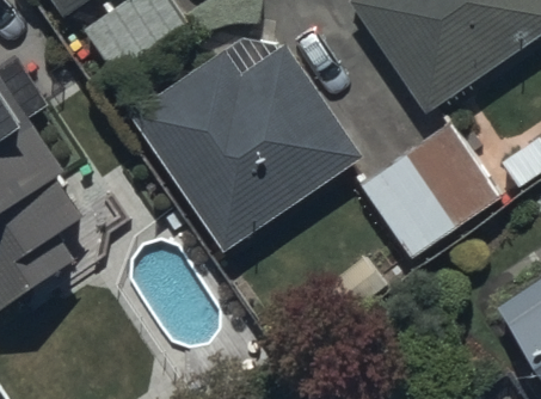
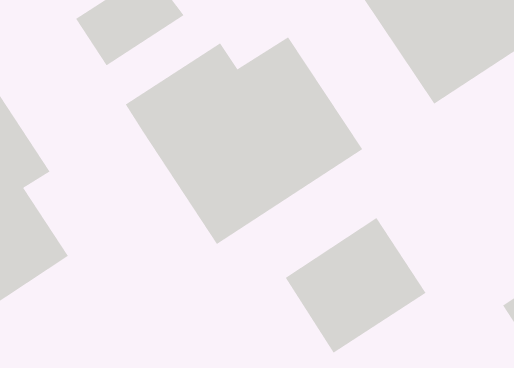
building: [364,125,500,257] -> [285,217,426,354]

